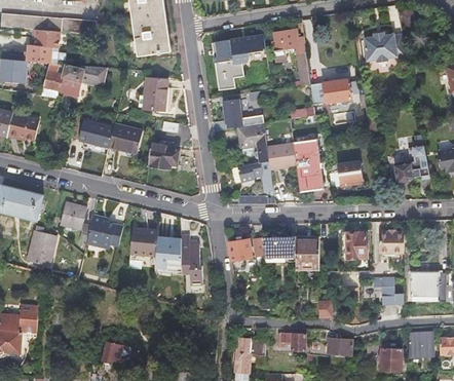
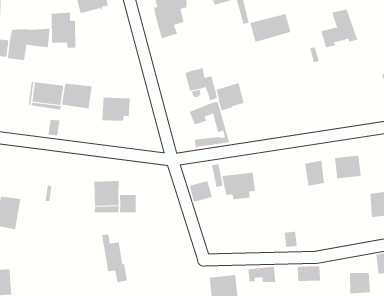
building: [144,78,172,116] -> [51,12,76,48]
building: [212,100,242,131] -> none
building: [292,140,324,191] -> none
building: [393,146,430,183] -> [320,9,358,48]
building: [337,161,363,183] -> none
building: [62,203,87,230] -> none
building: [88,216,123,247] -> none
building: [181,235,202,285] -> [101,234,128,283]
building: [296,237,319,267] -> none
building: [374,276,405,304] -> none

